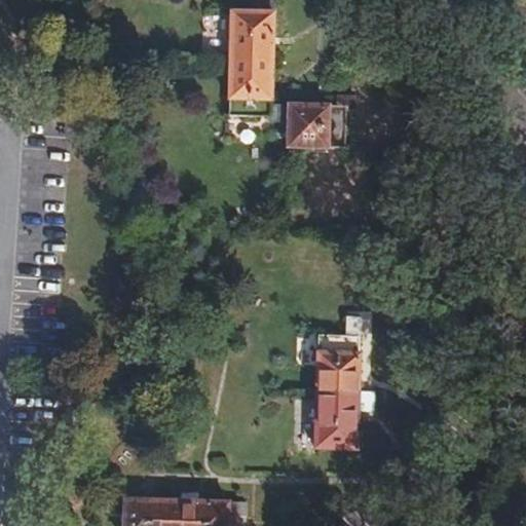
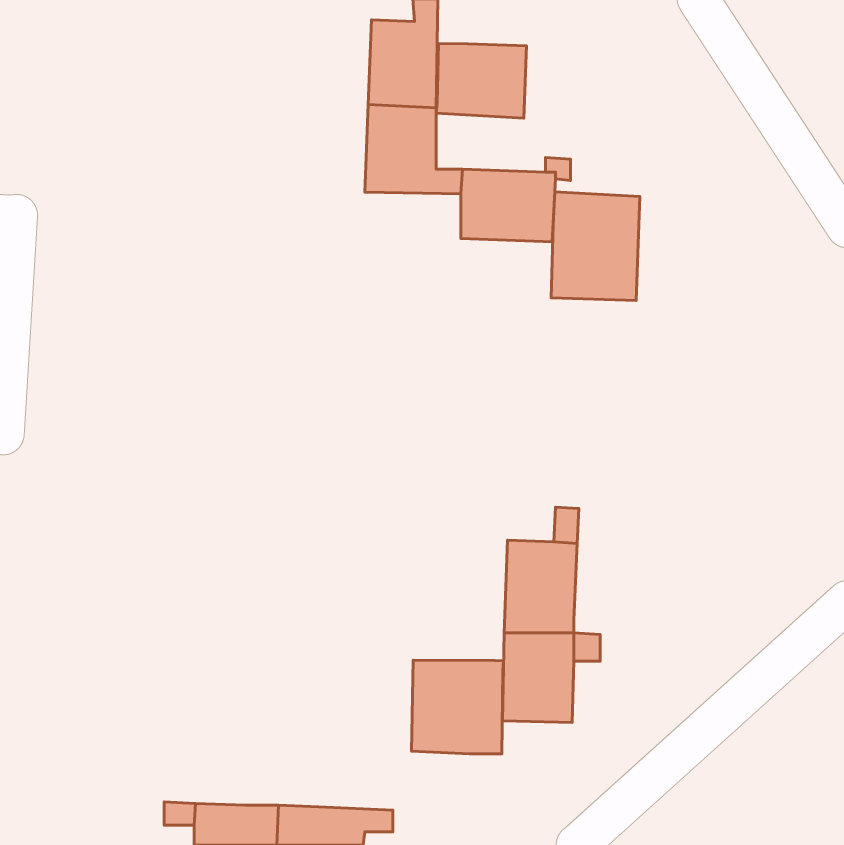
building: none -> [436,43,526,118]
building: none -> [551,192,640,300]
building: none -> [411,660,504,754]

